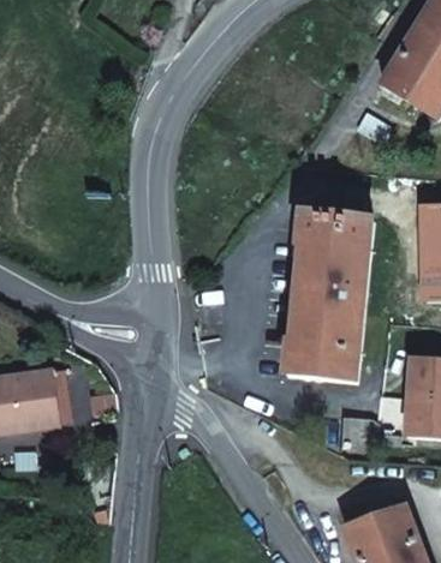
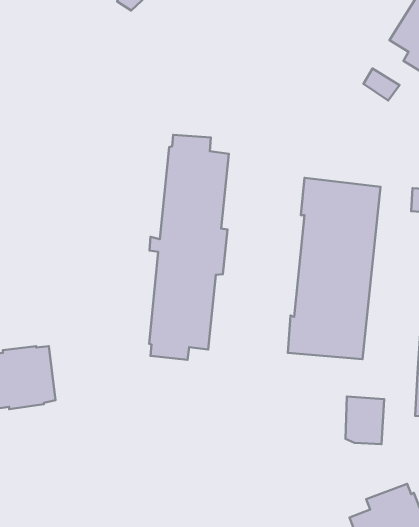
building: none -> [149,135,229,360]

